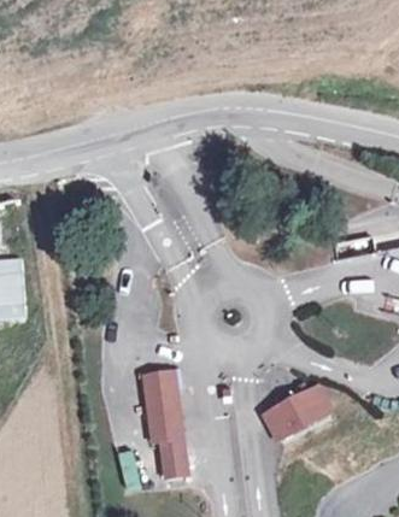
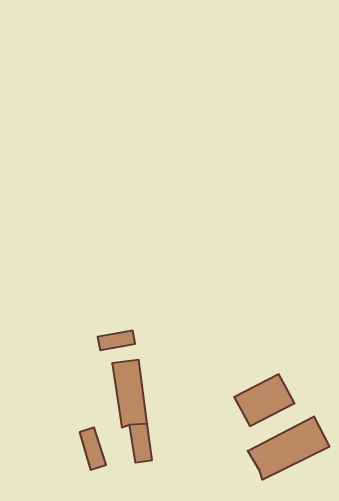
building: none -> [248,416,329,480]

